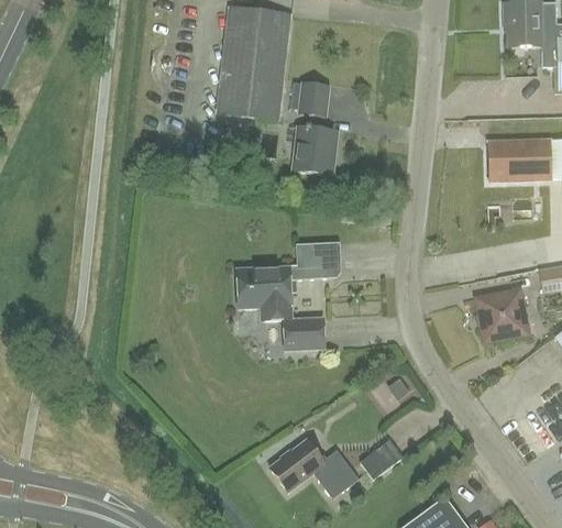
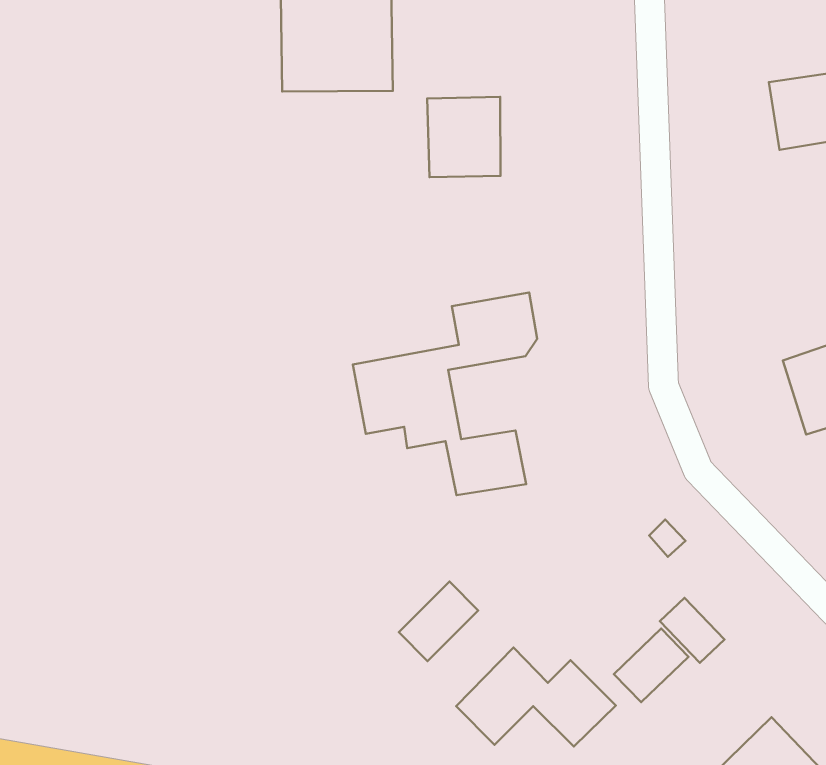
building: [299,83,329,117] -> none
building: none -> [399,582,478,661]
building: none -> [660,598,724,663]

